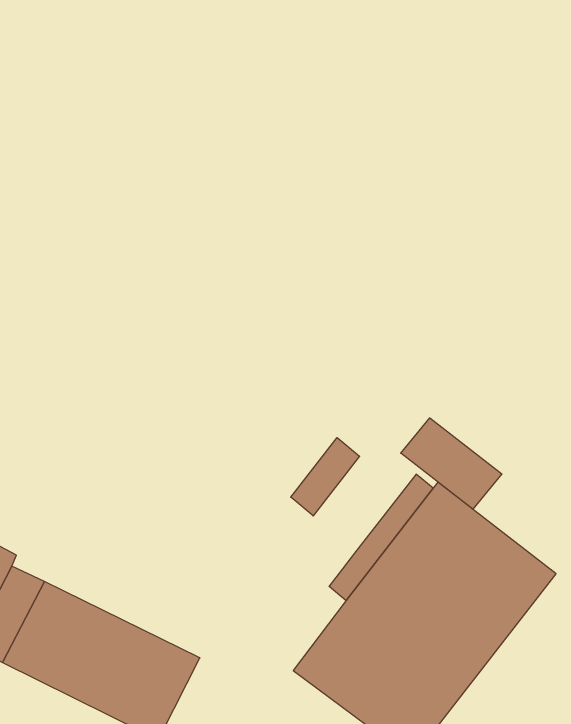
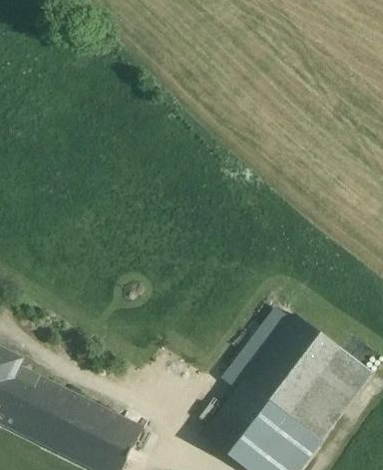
building: [401,418,502,509] -> none
building: [291,438,360,516] -> none

